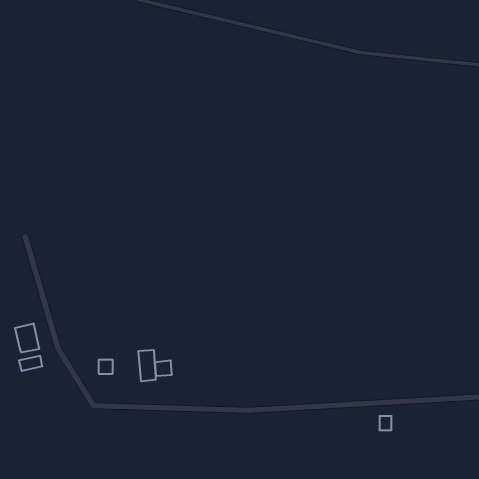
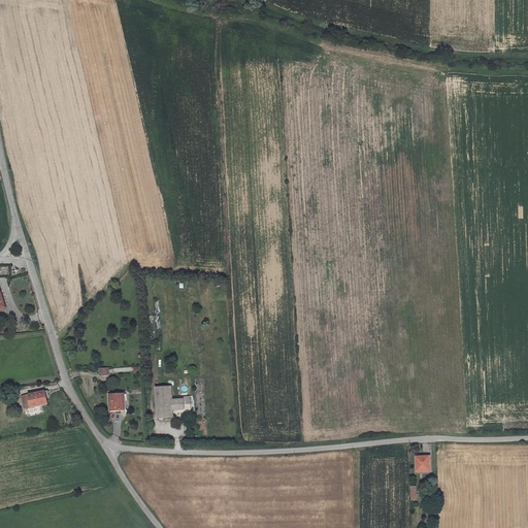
building: [15,323,39,352] -> none

